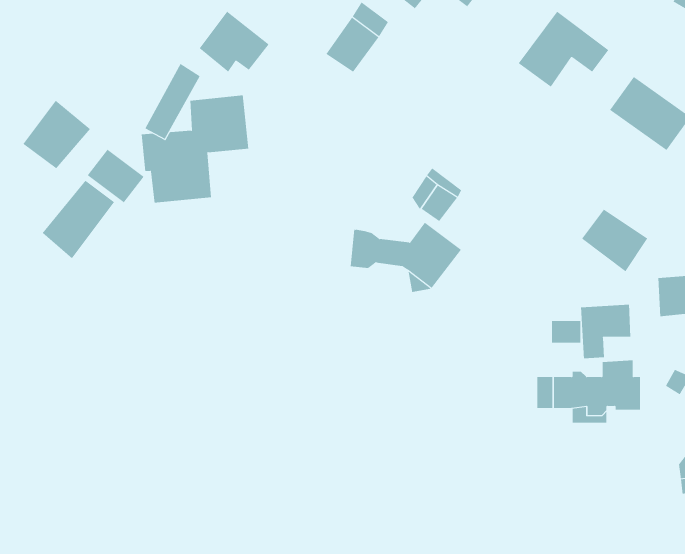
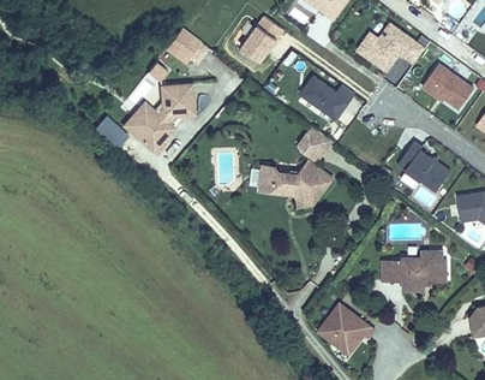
building: none -> [299,72,354,120]
building: [23,100,91,169] -> none
building: [42,180,115,259] -> none
building: [580,304,631,359] -> none
building: none -> [313,299,371,356]

